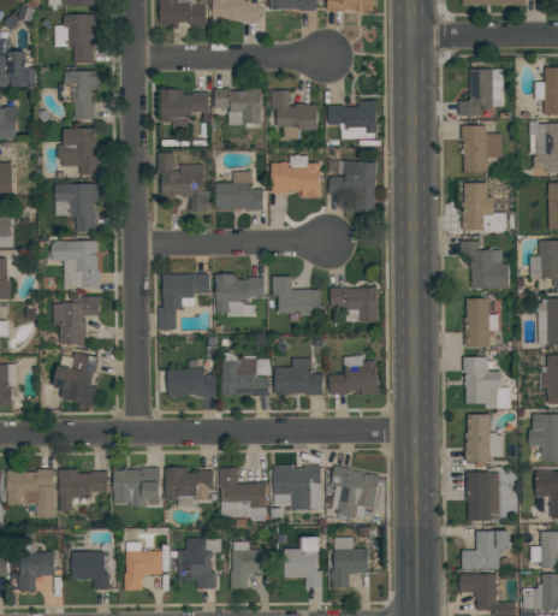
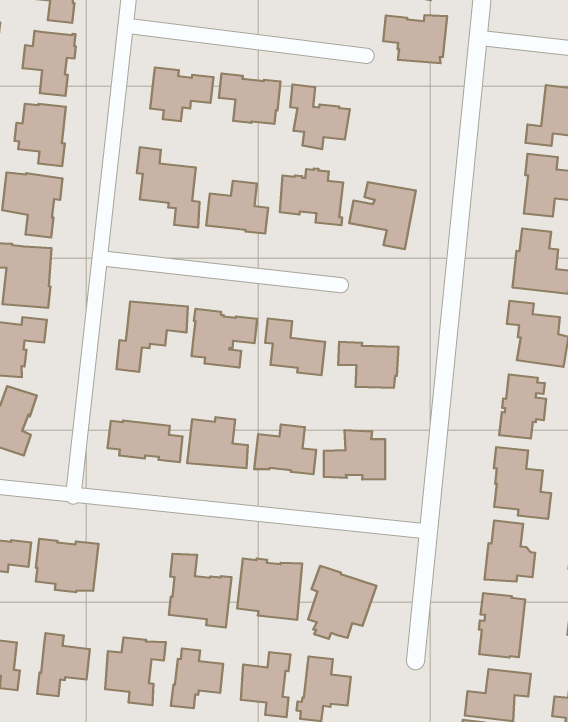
building: [328,100,376,138] -> [383,15,447,63]
building: [166,467,214,508] -> none

